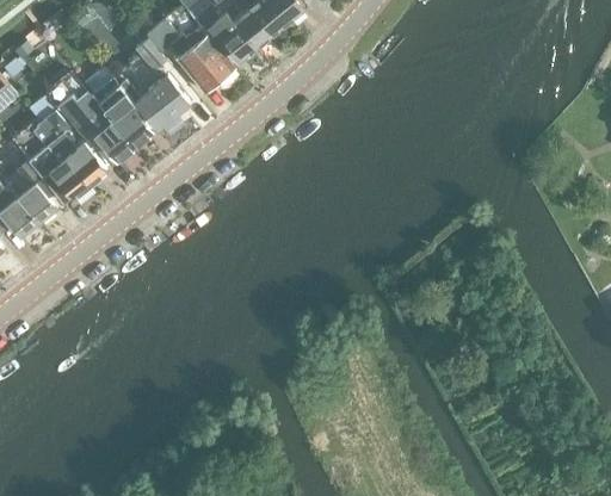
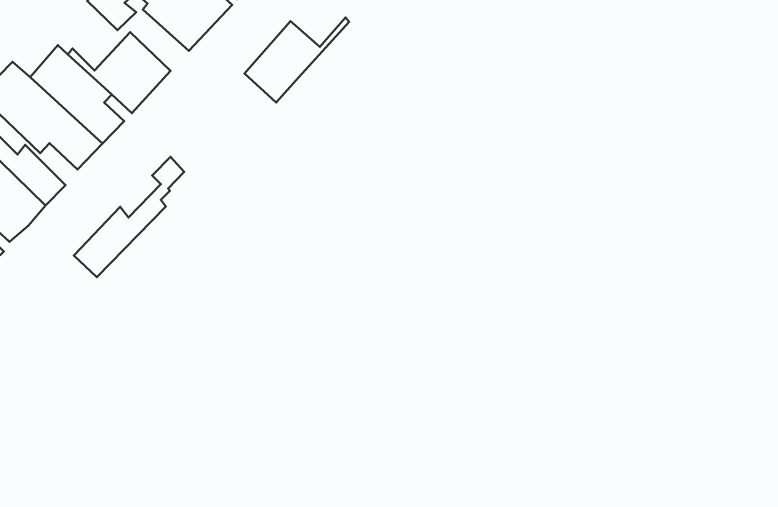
building: none -> [244,18,349,102]
building: none -> [74,157,184,277]

